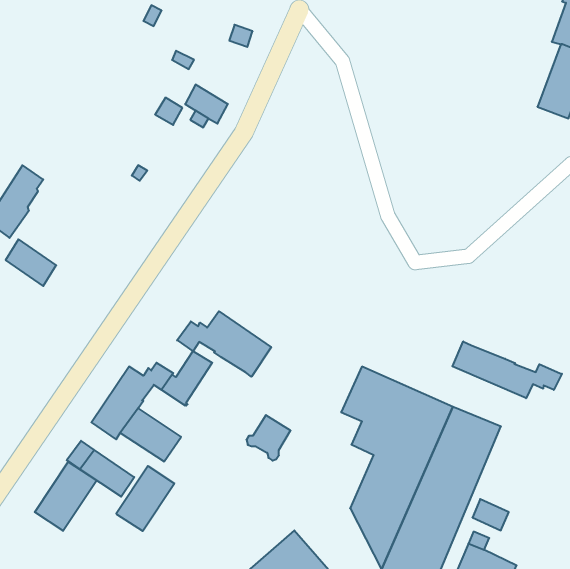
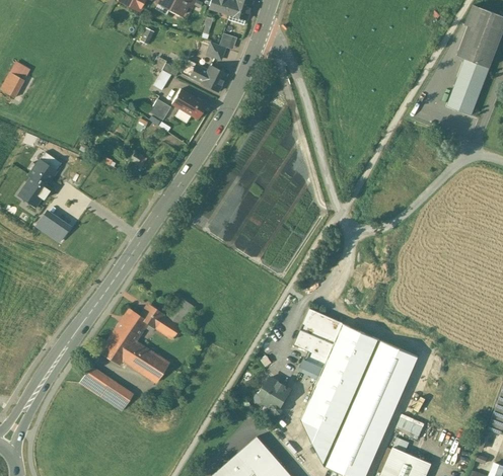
building: none -> [179,60,226,92]
building: [177,311,271,377] -> none
building: [452,341,562,398] -> none
building: [246,415,291,461] -> [255,378,289,413]
building: [35,462,97,531] -> none
building: [116,466,174,531] -> none

